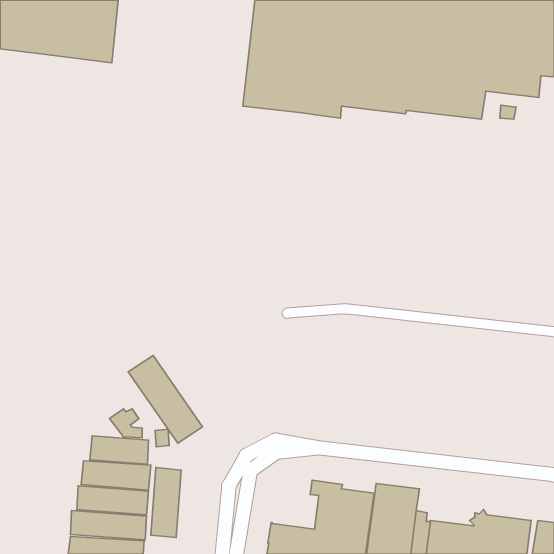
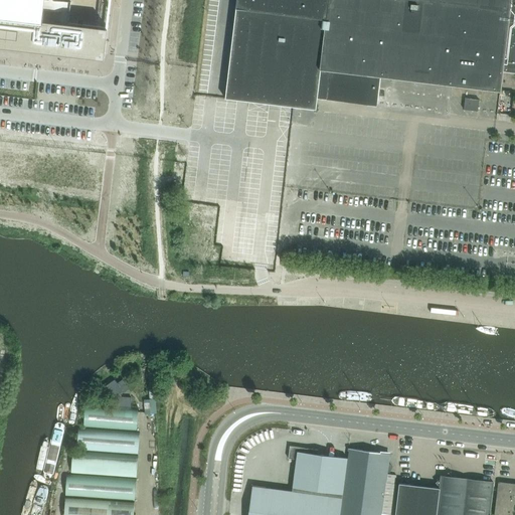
building: [128,355,203,443] -> none
building: [151,468,181,538] -> none

